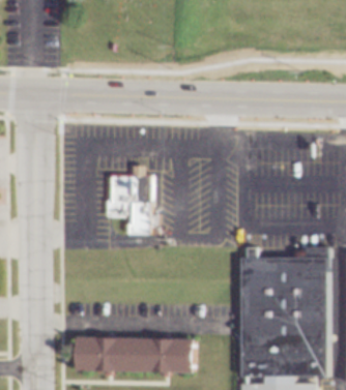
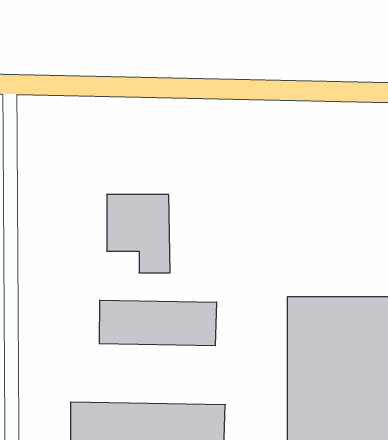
building: none -> [99,300,217,346]

